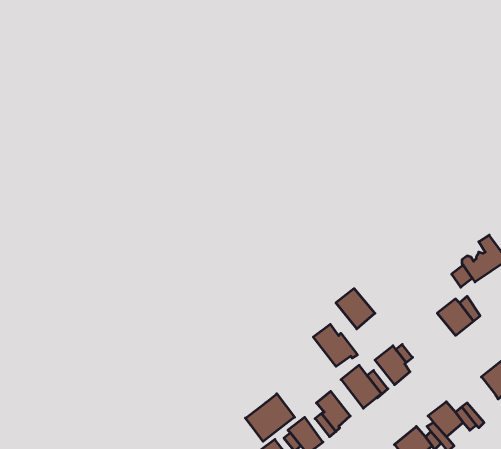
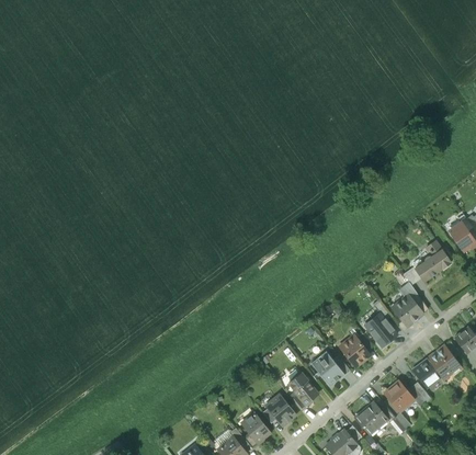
building: [336,289,375,329] -> [364,312,397,346]
building: [313,324,357,366] -> none
building: none -> [412,357,441,387]
building: [245,394,295,441] -> none

